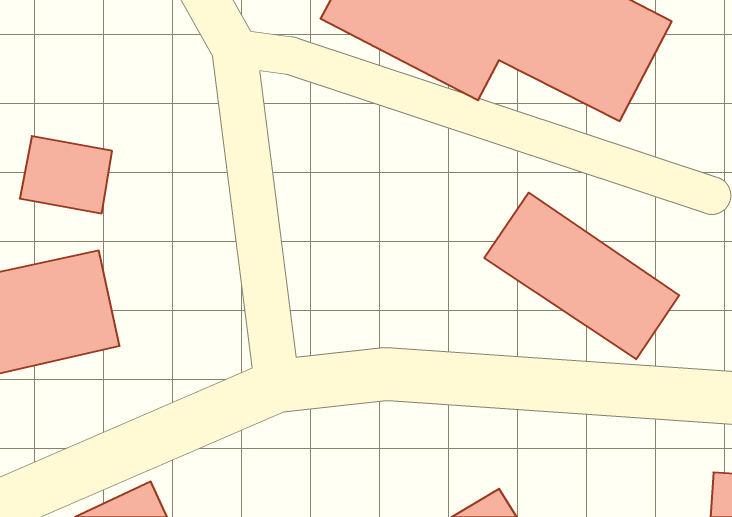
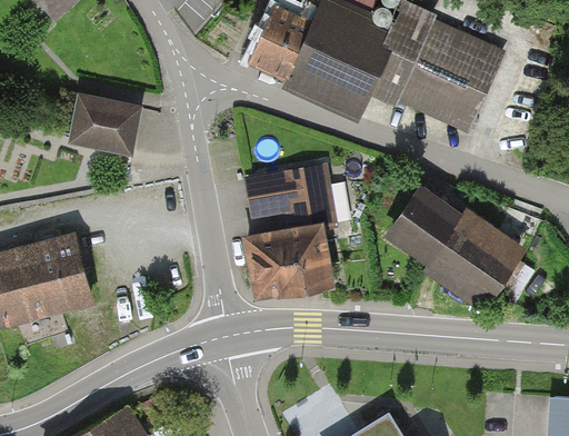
building: [20,136,112,213] -> [67,98,136,156]
building: none -> [246,164,333,295]

